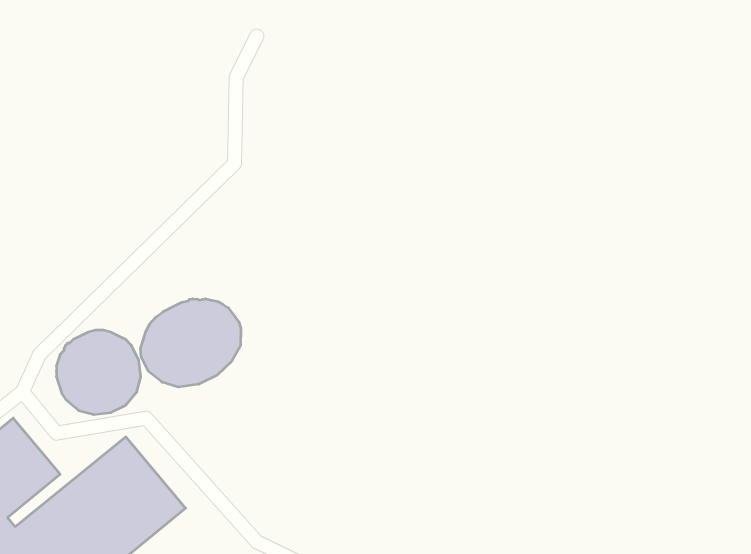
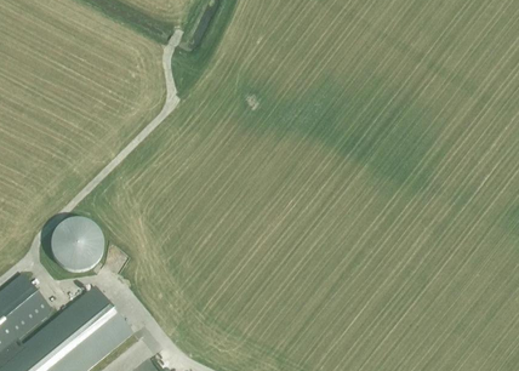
building: [141,299,241,387] -> none

